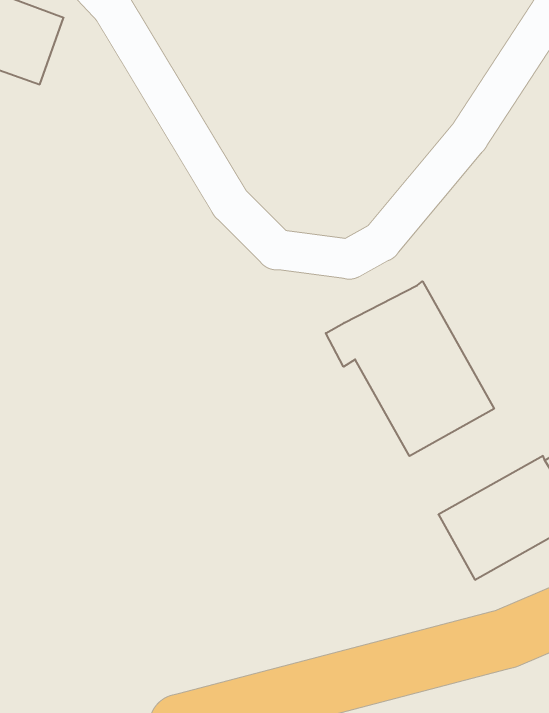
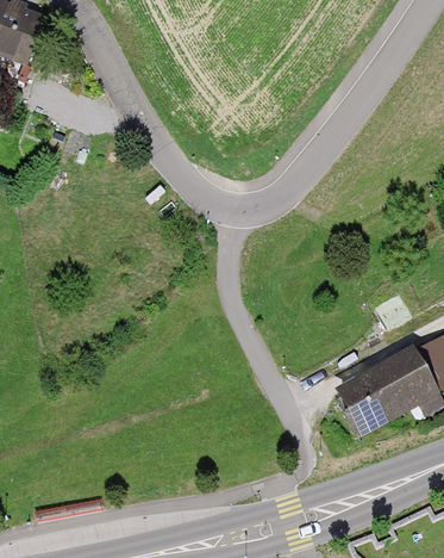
building: [326,281,494,456] -> none

